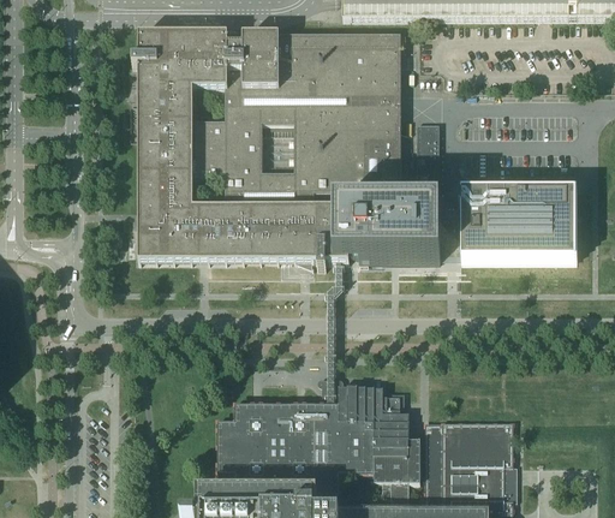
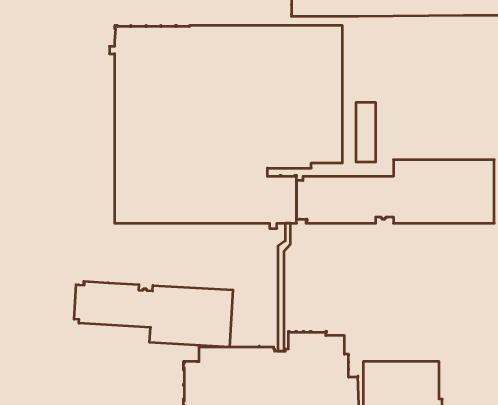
building: none -> [74,281,233,347]

